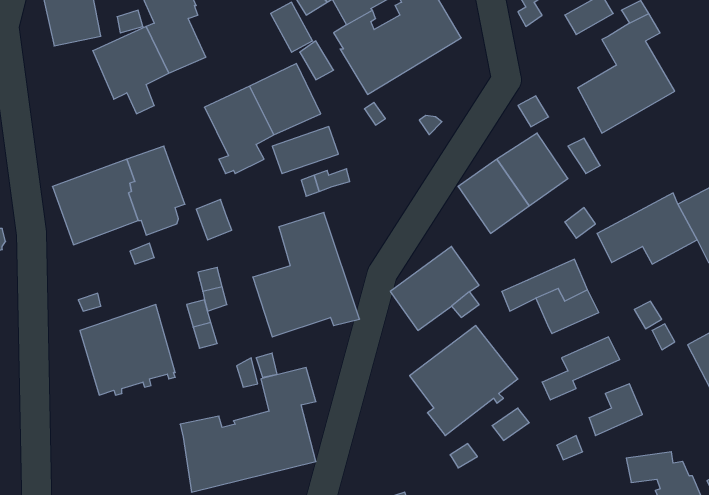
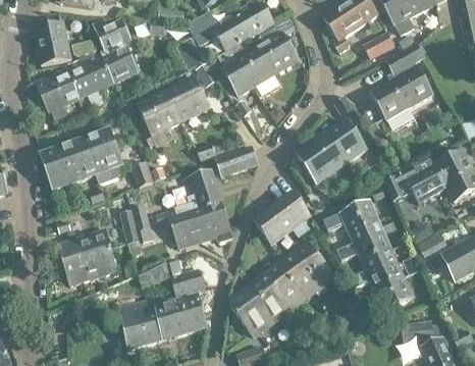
building: none -> [36,68,80,118]
building: [272,127,338,174] -> [216,147,258,176]
building: none -> [337,233,391,262]
building: none -> [369,263,405,300]
building: none -> [227,273,288,336]

